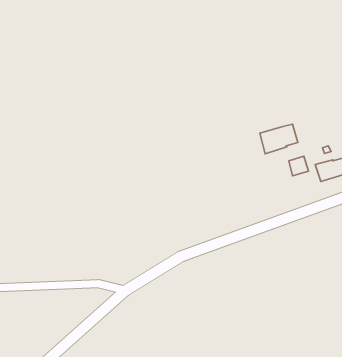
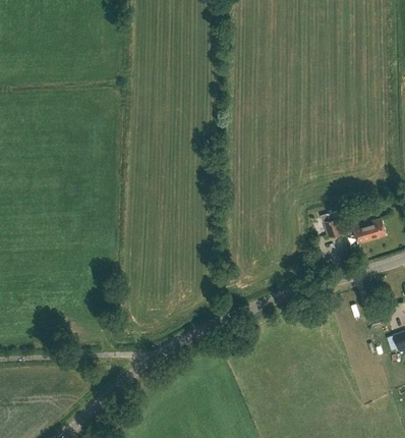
building: [260,124,298,154] -> none

